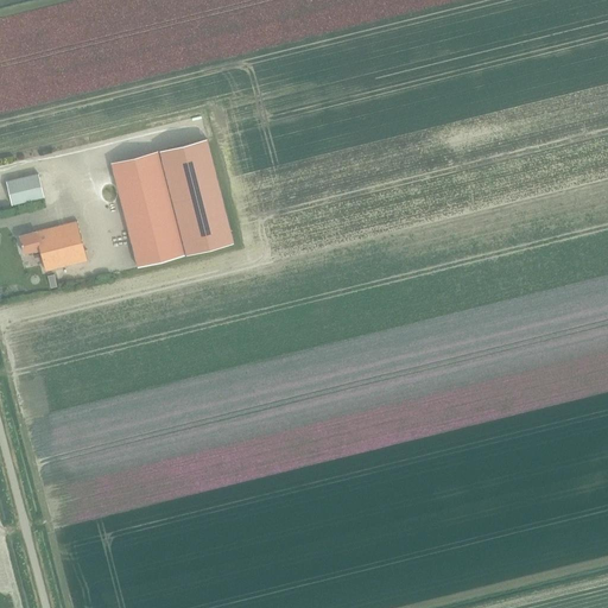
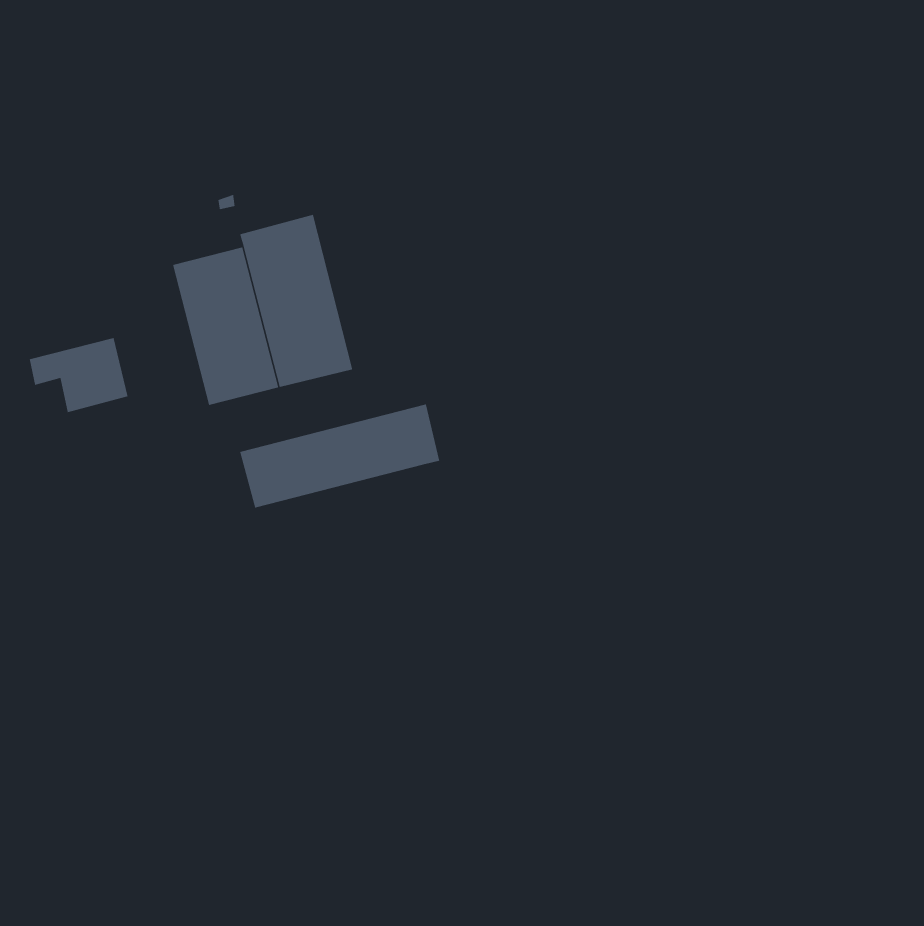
building: [5,173,42,204] -> none
building: none -> [239,403,440,508]

